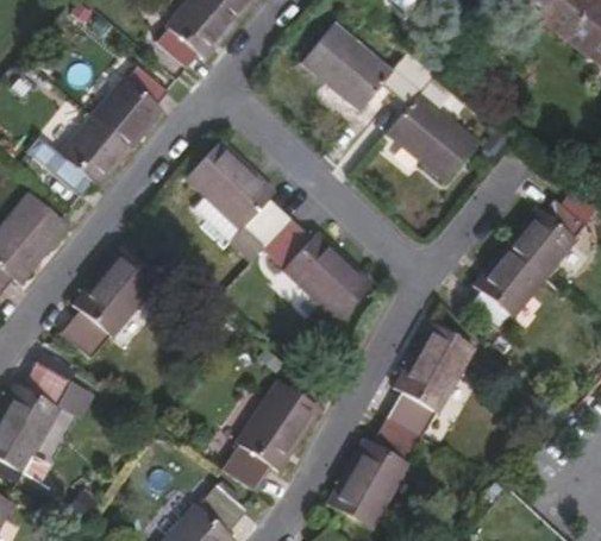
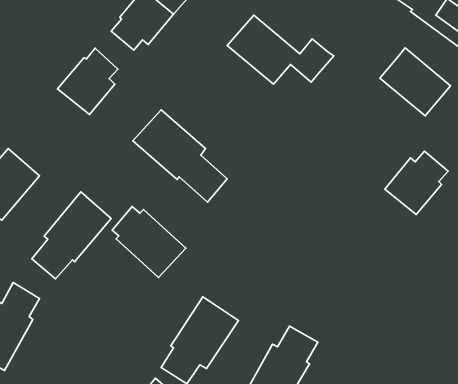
building: [389,96,478,182] -> [380,48,451,116]
building: [50,118,131,196] -> none
building: [280,231,373,320] -> [112,207,186,277]
building: [467,244,543,325] -> none
building: [383,322,474,436] -> none

